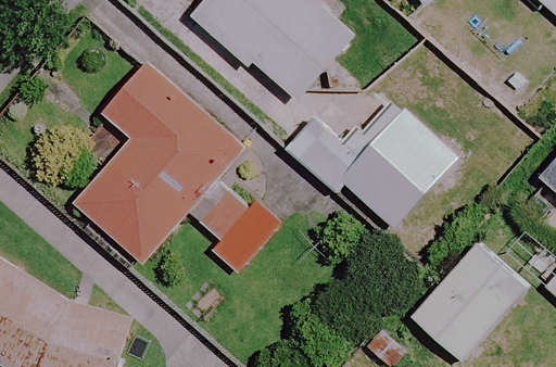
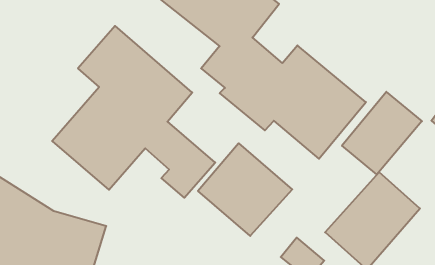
building: none -> [342,92,422,174]
building: none -> [198,143,292,236]

